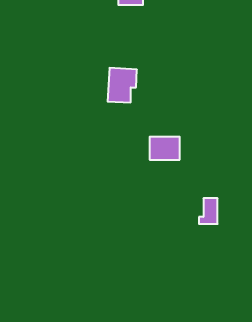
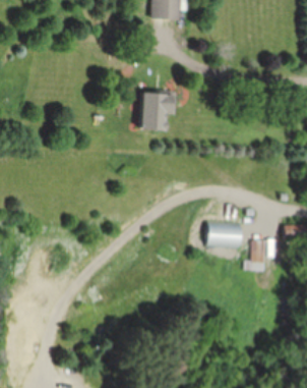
building: [150,137,180,160] -> [206,221,241,247]

